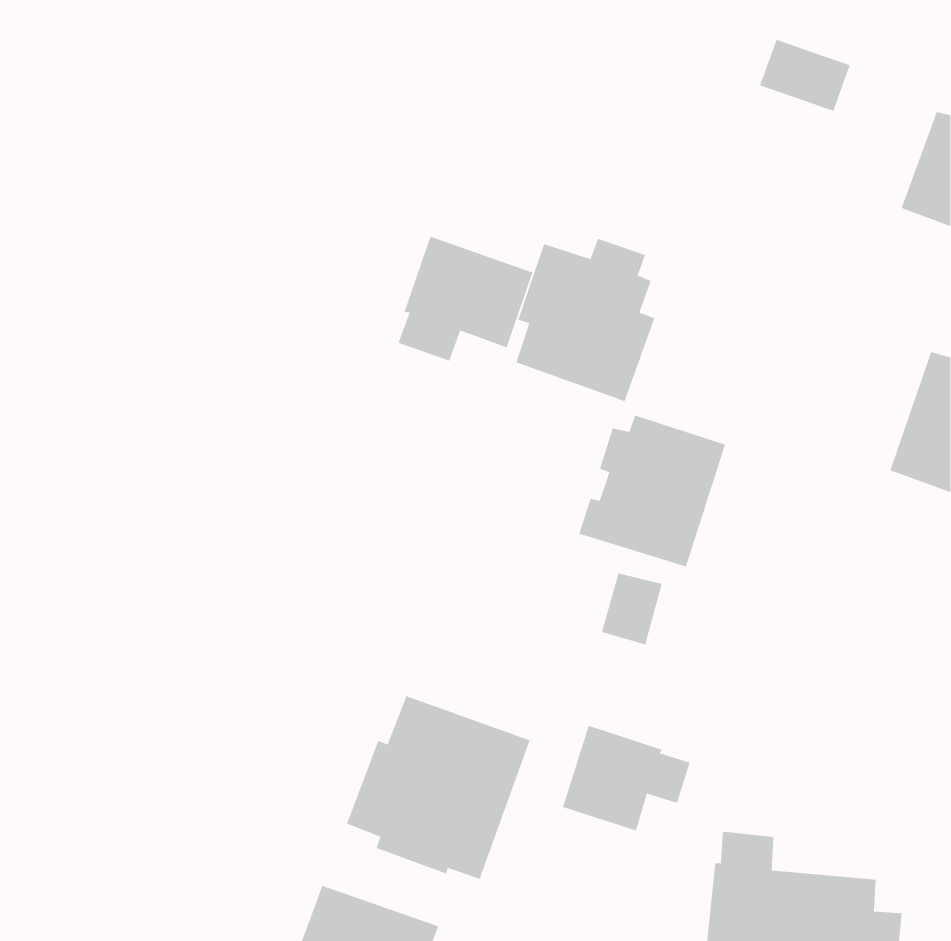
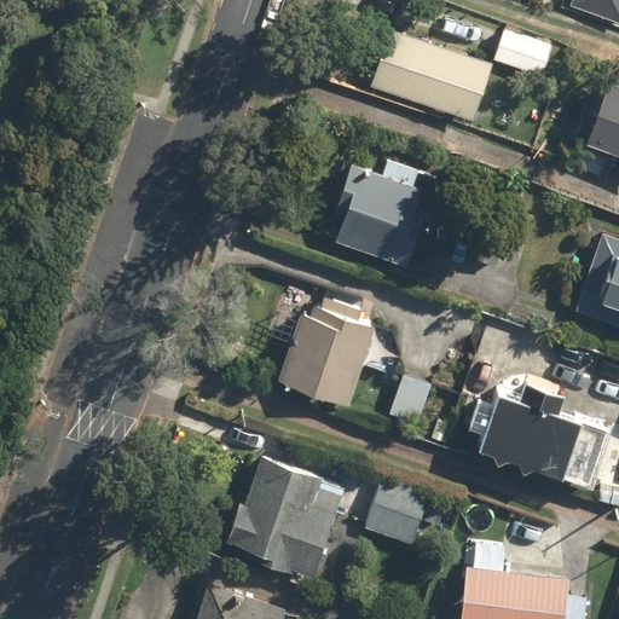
building: none -> [370,31,492,123]
building: [398,236,533,361] -> none
building: [579,415,726,567] -> [279,307,375,406]
building: none -> [468,391,609,486]

